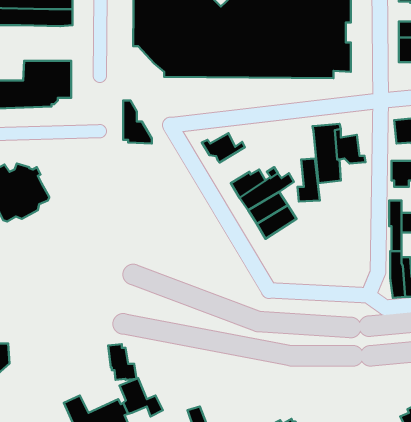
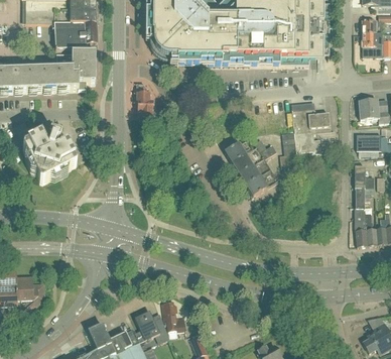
building: none -> [53,21,97,46]
building: [202,133,245,162] -> none
building: [108,344,137,380] -> [162,300,185,329]

